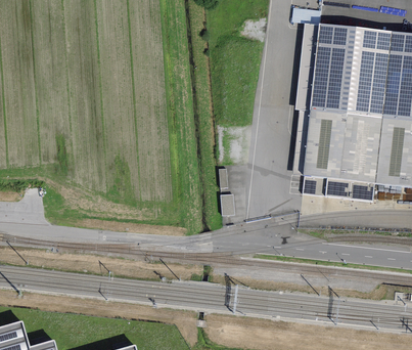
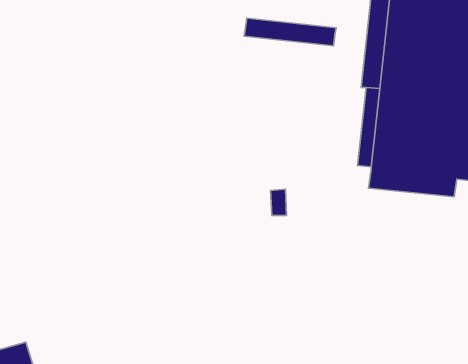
building: none -> [244,18,336,46]

